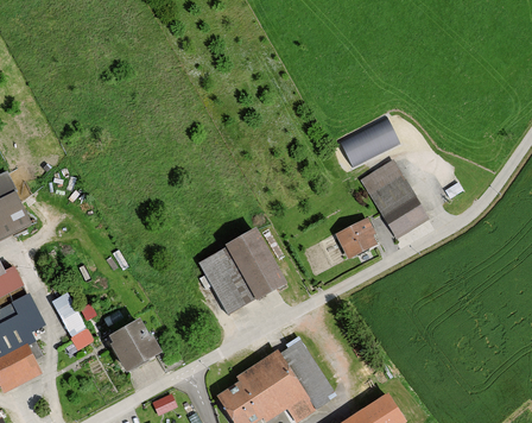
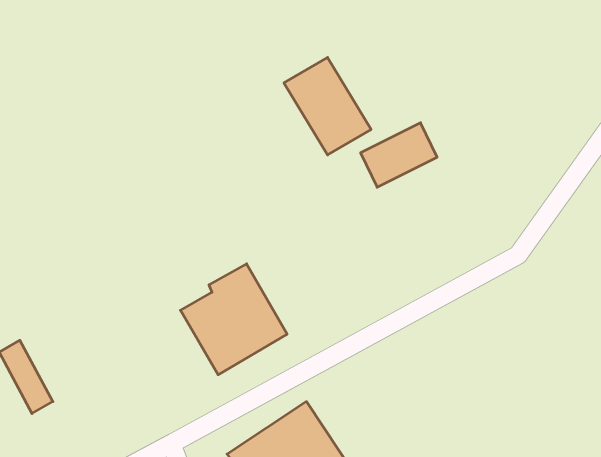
building: [361,163,430,240] -> [284,57,371,155]
building: [334,217,379,259] -> none
building: [102,318,154,372] -> none

